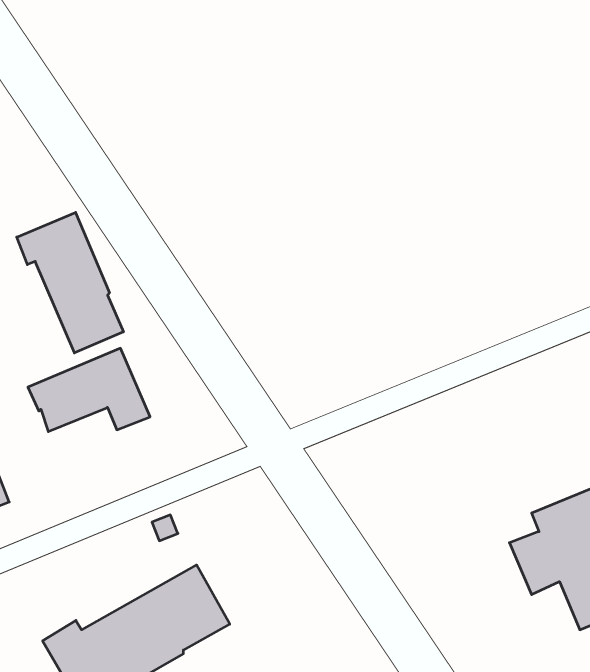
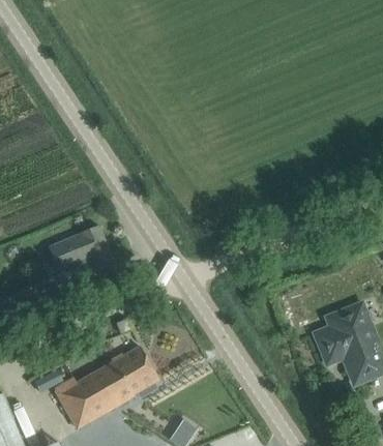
building: [17,212,123,353] -> none

